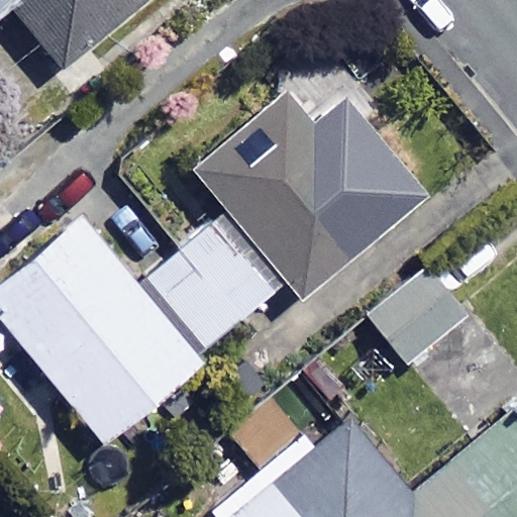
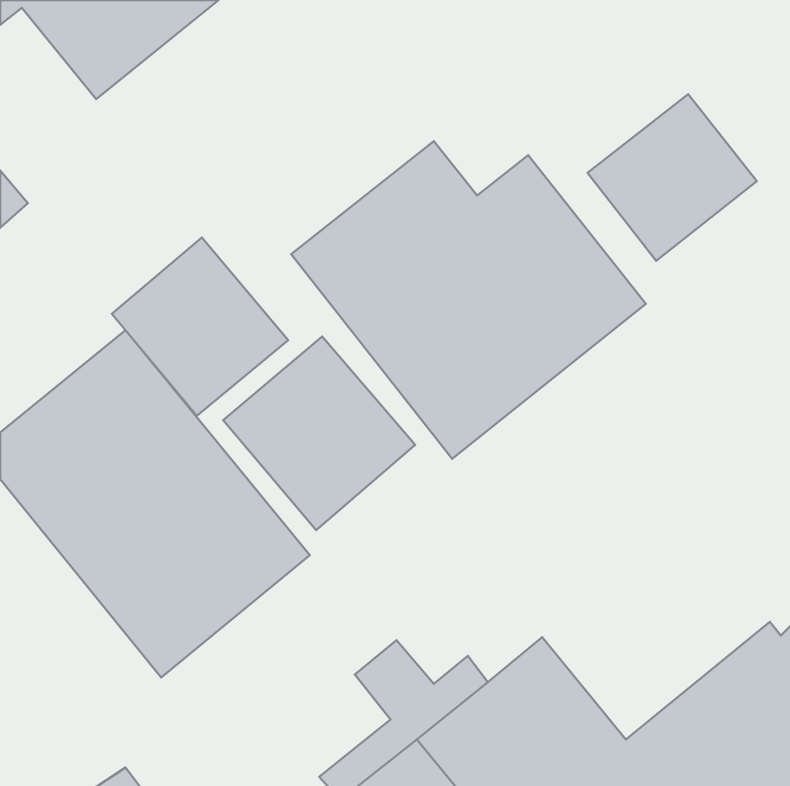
building: none -> [588,94,757,261]
building: none -> [112,238,288,416]
building: [366,262,471,366] -> none

